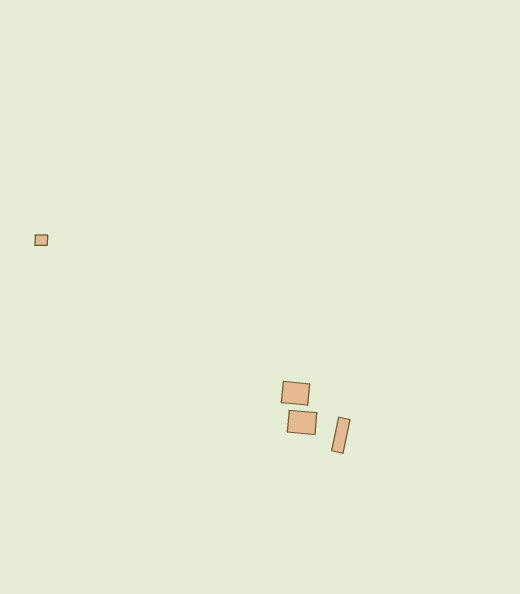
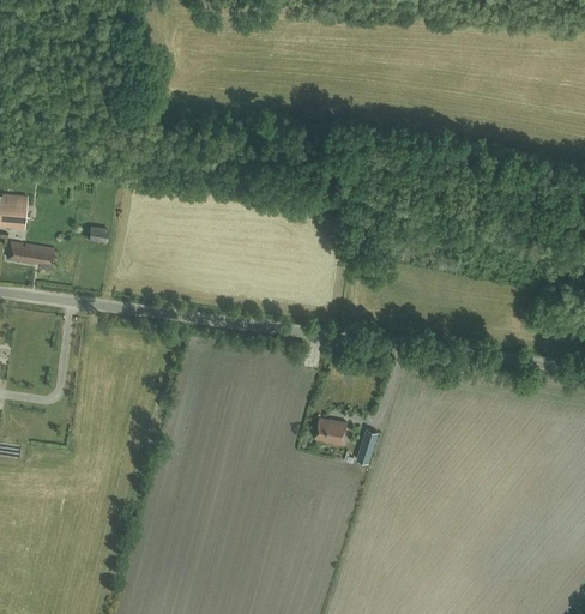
building: [281,381,309,405] -> none

